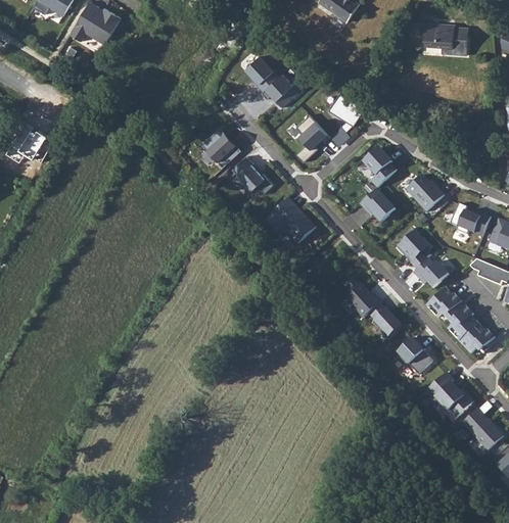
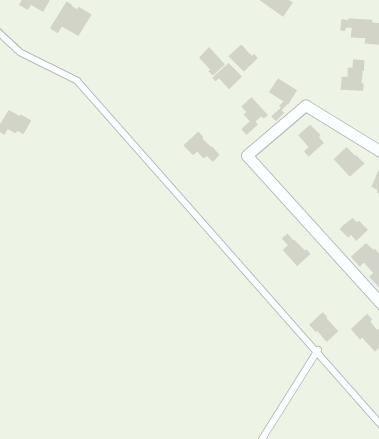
building: none -> [228,44,259,73]
building: none -> [340,58,365,92]
building: [202,128,241,167] -> none
building: [360,188,396,222] -> none
building: [265,200,316,243] -> none
building: [397,227,431,268] -> none
building: [368,301,402,337] -> none
building: [397,336,433,374] -> [308,311,339,343]

